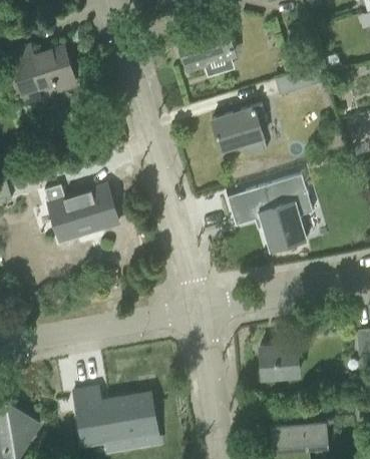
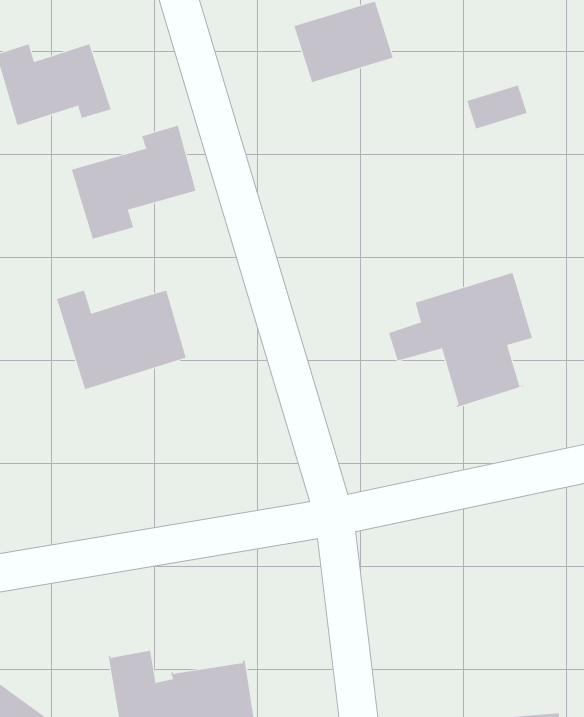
building: none -> [71,125,196,240]
building: [212,105,267,155] -> none
building: [260,336,299,377] -> none

